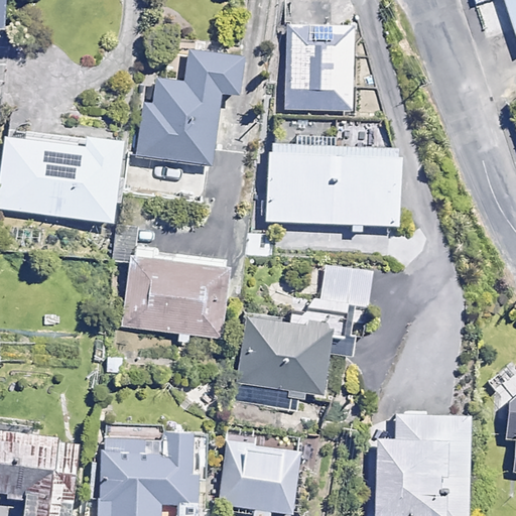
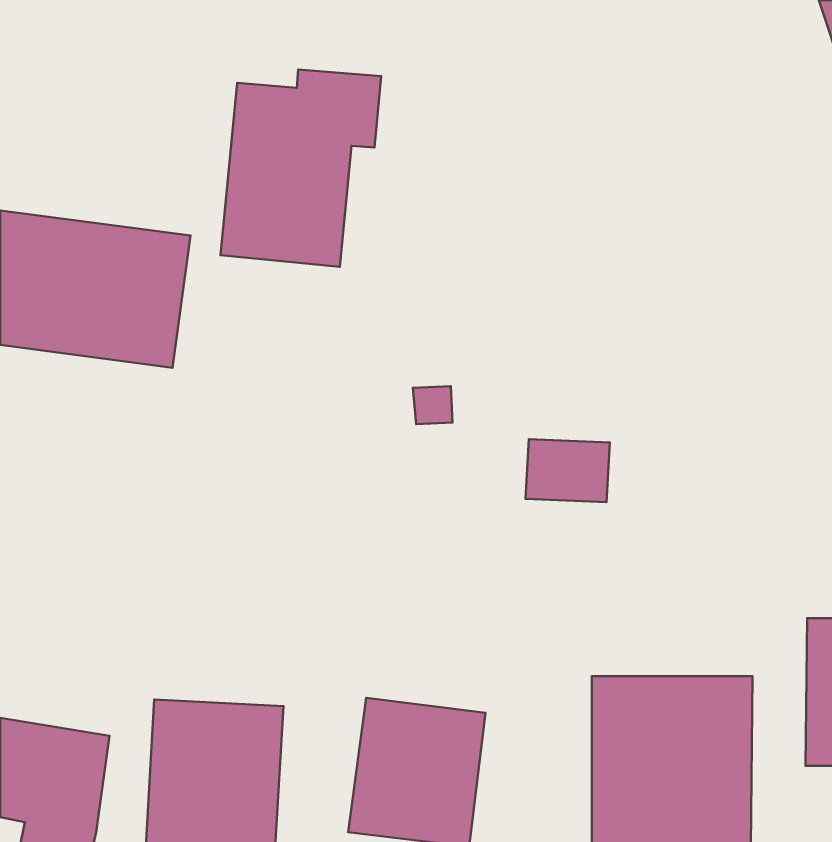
building: [276,32,353,114] -> none
building: [279,136,406,220] -> none
building: [116,255,232,349] -> none
building: [241,317,337,398] -> none

